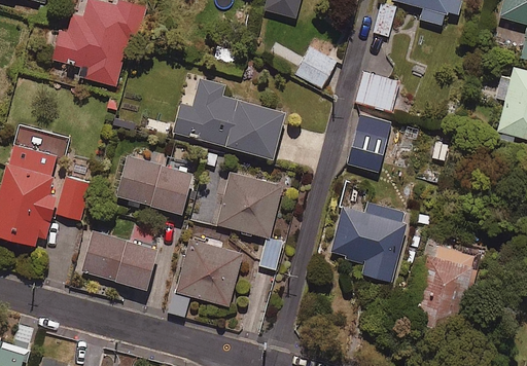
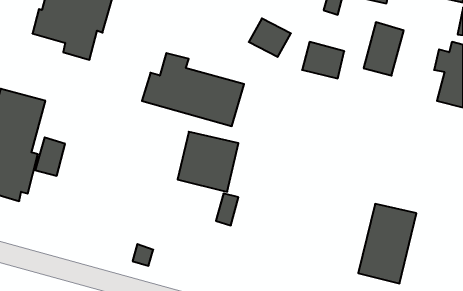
building: [347,115,391,174] -> [364,22,404,76]
building: [114,150,197,212] -> none
building: [330,205,409,285] -> none
building: [79,223,162,286] -> none
building: [172,234,241,302] -> none

